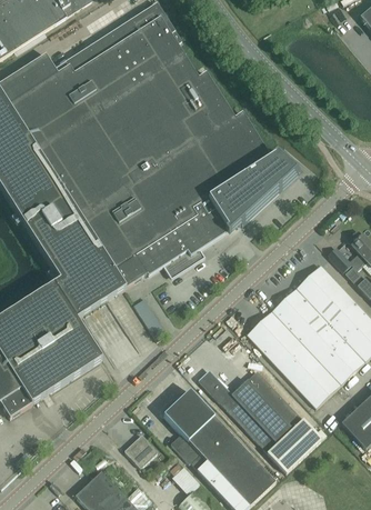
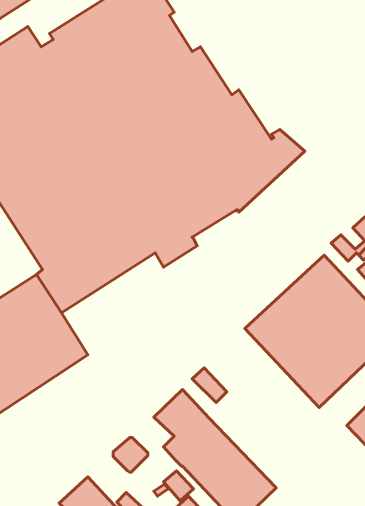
building: [221,369,321,471] -> none

